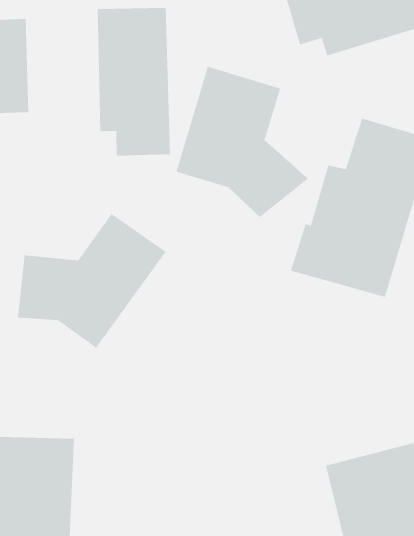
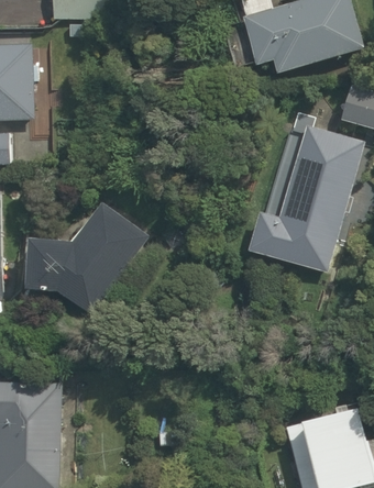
building: [97,7,171,157] -> none
building: [176,66,309,218] -> none

